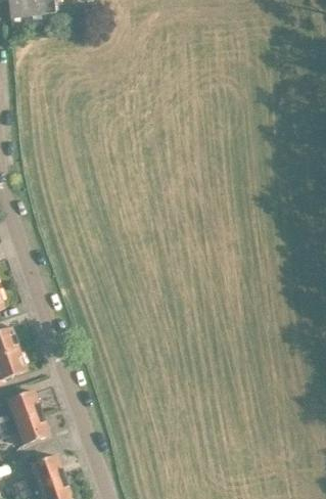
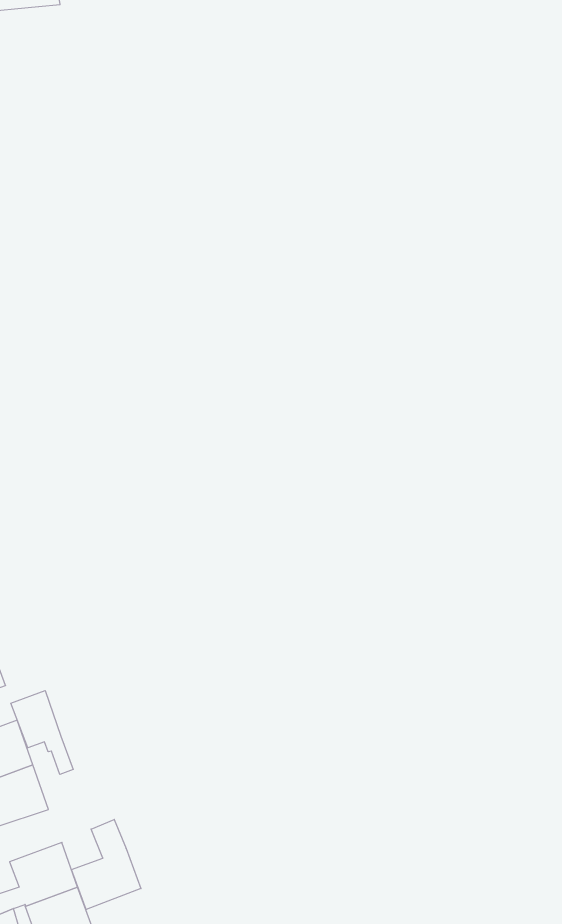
building: none -> [11,691,73,774]
building: none -> [71,819,141,910]

